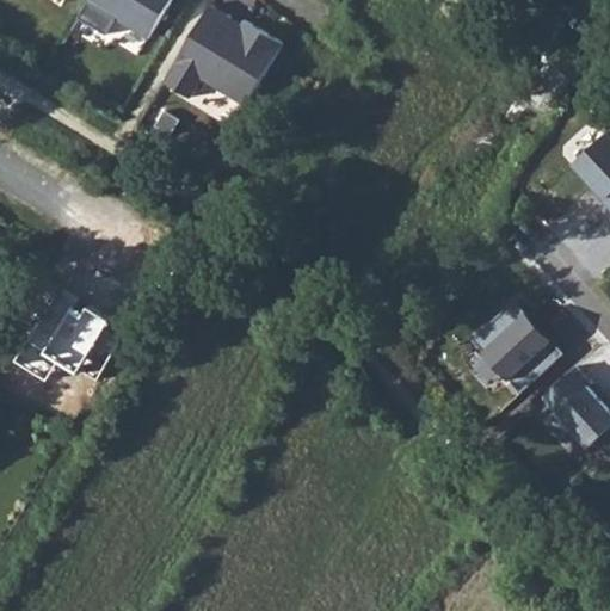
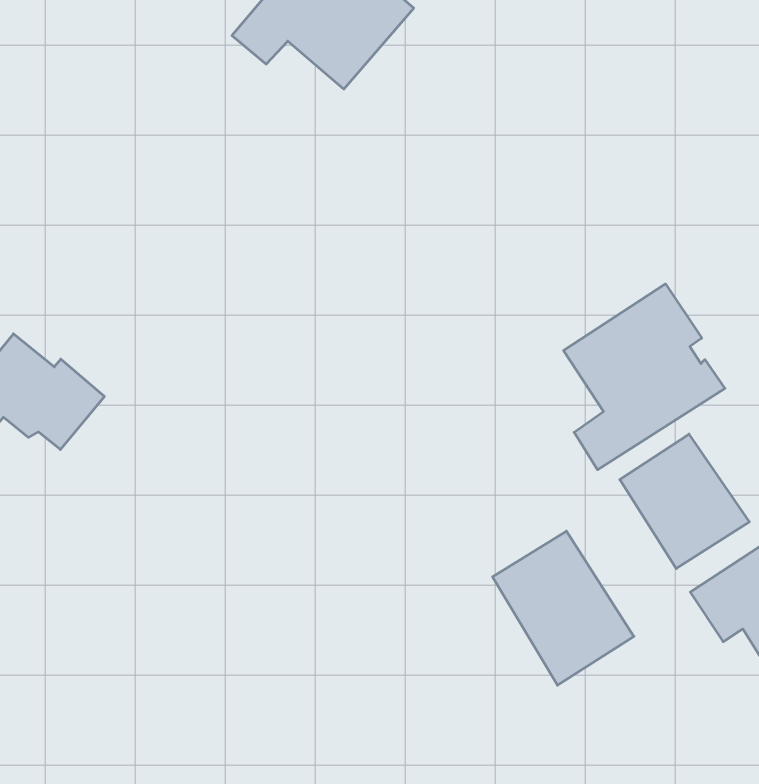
building: none -> [564,284,725,470]
building: none -> [493,531,634,685]

